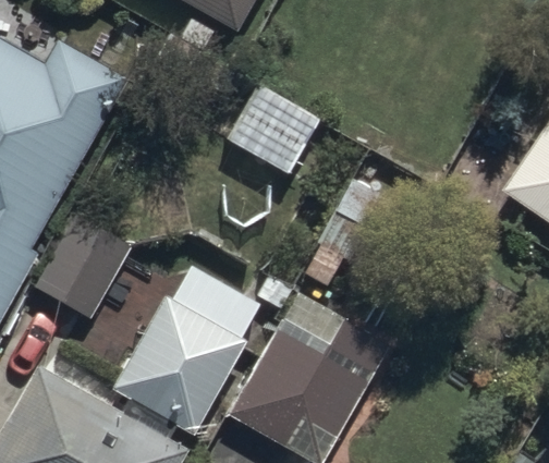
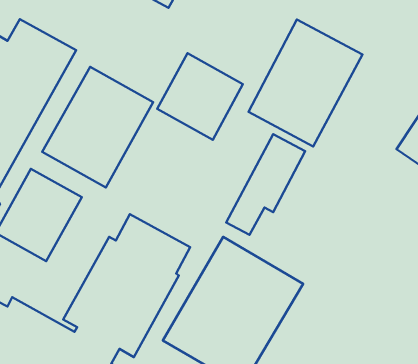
building: none -> [248,20,363,147]
building: none -> [42,67,153,188]

